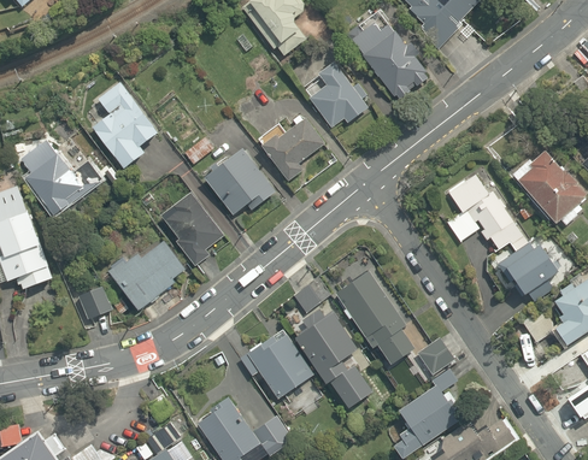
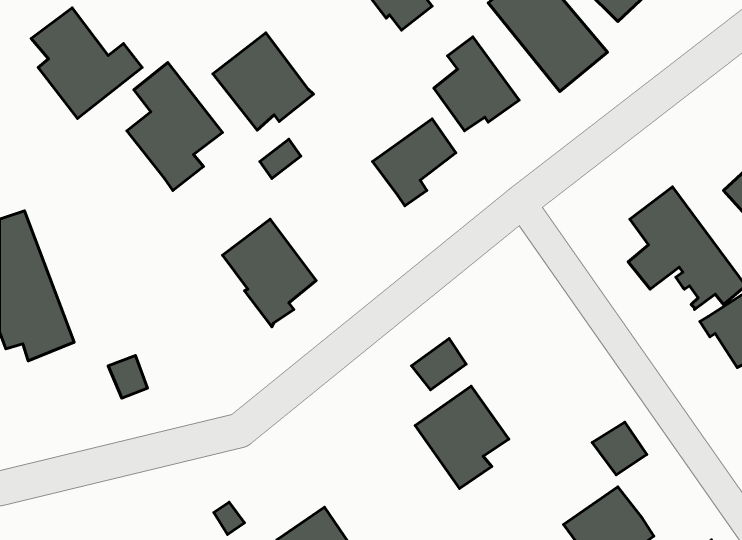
building: [18,137,96,216] -> [31,8,142,119]
building: [204,149,275,218] -> [213,33,313,130]
building: [106,243,182,314] -> none
building: [339,267,414,360] -> none
building: [252,334,316,399] -> none
building: [333,365,374,407] -> none

